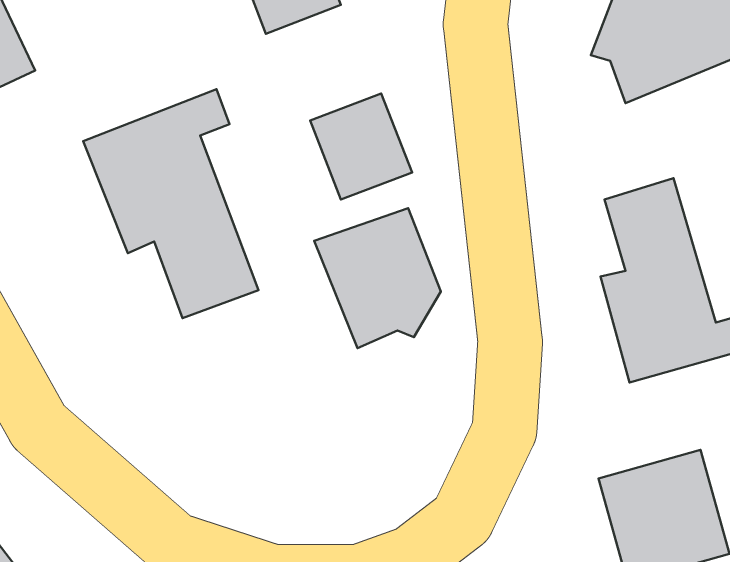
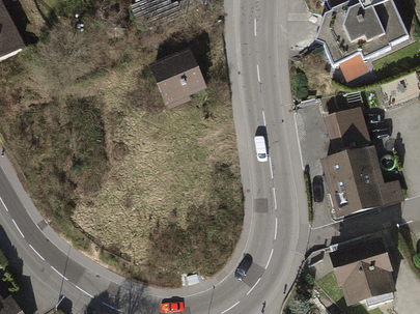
building: [83,89,259,318] -> none
building: [314,208,441,348] -> none

